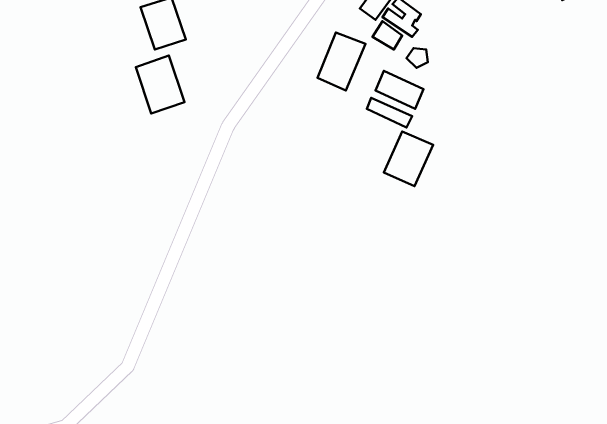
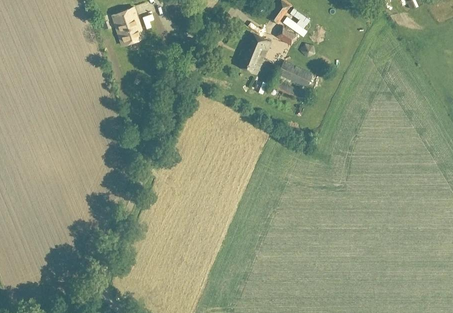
building: [136,56,184,114] -> none
building: [384,132,433,186] -> none

